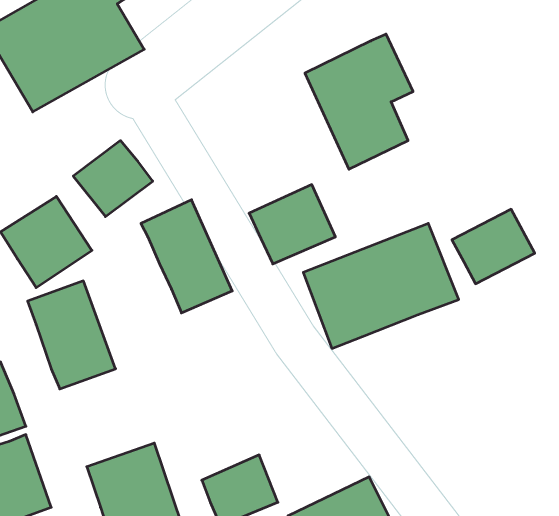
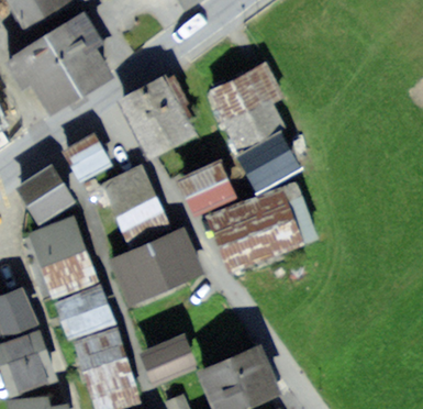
building: none -> [126,79,196,154]
building: [452,209,535,284] -> [241,139,294,187]
building: none -> [113,231,199,299]
building: none -> [55,287,109,335]

